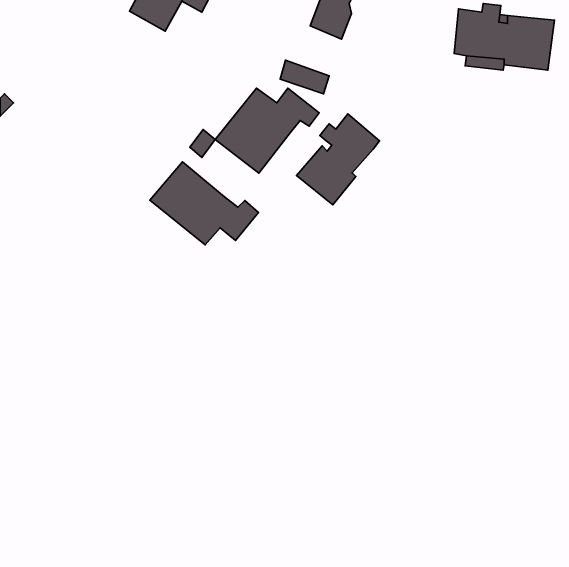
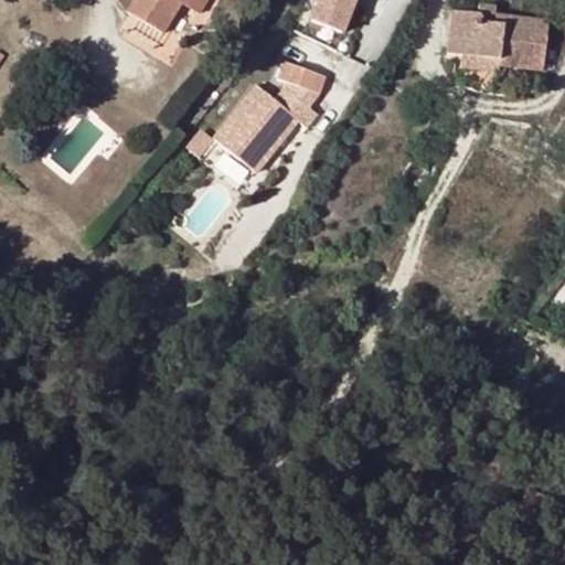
building: [296,114,379,205] -> none
building: [150,162,259,245] -> none

